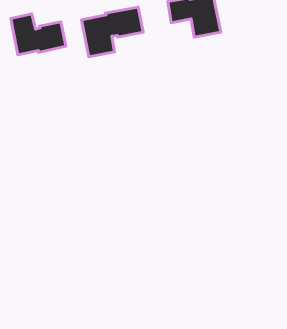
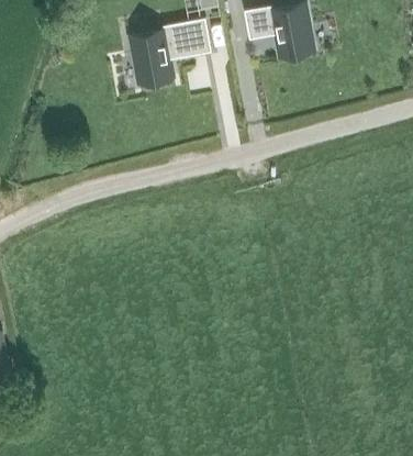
building: [11,14,66,55] -> none

